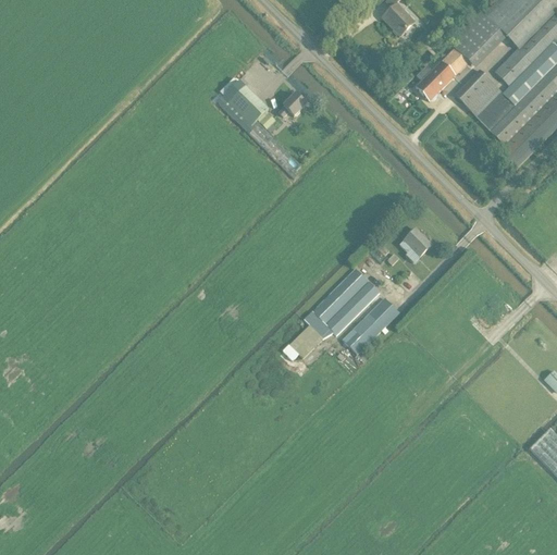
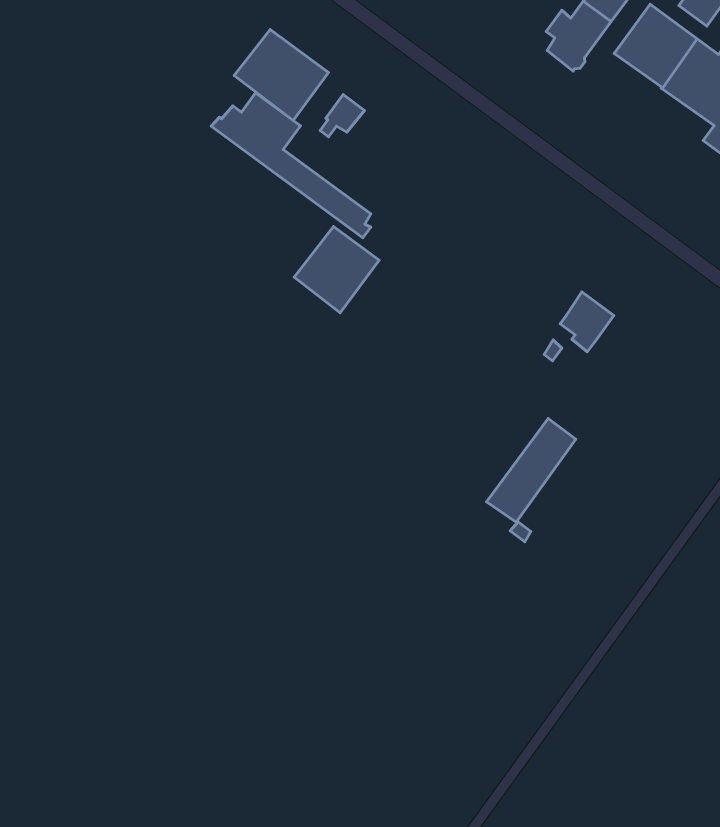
building: none -> [234,29,329,121]
building: none -> [294,226,379,313]
building: [283,267,380,359] -> none

